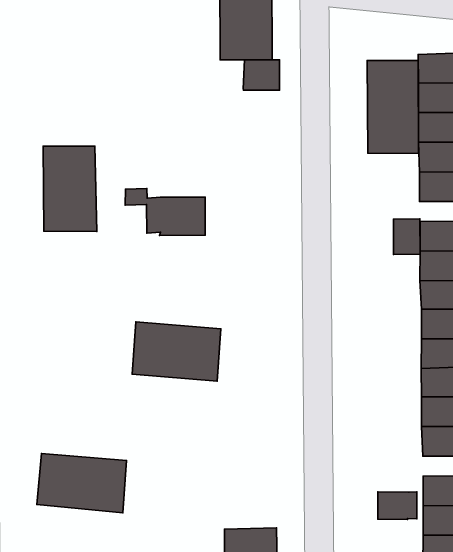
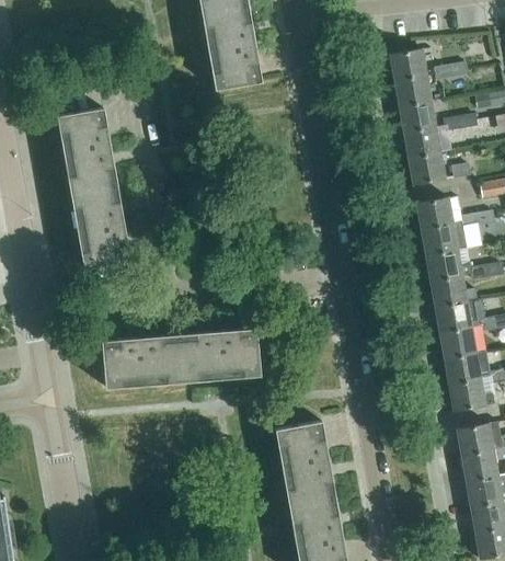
building: none -> [57,108,116,193]
building: [243,60,280,90] -> none
building: [367,60,419,153] -> none
building: [125,189,205,236] -> none
building: [393,219,420,255] -> none
building: none -> [275,422,334,506]
building: [37,453,127,513] -> [102,335,183,388]
building: [378,492,417,519] -> none

